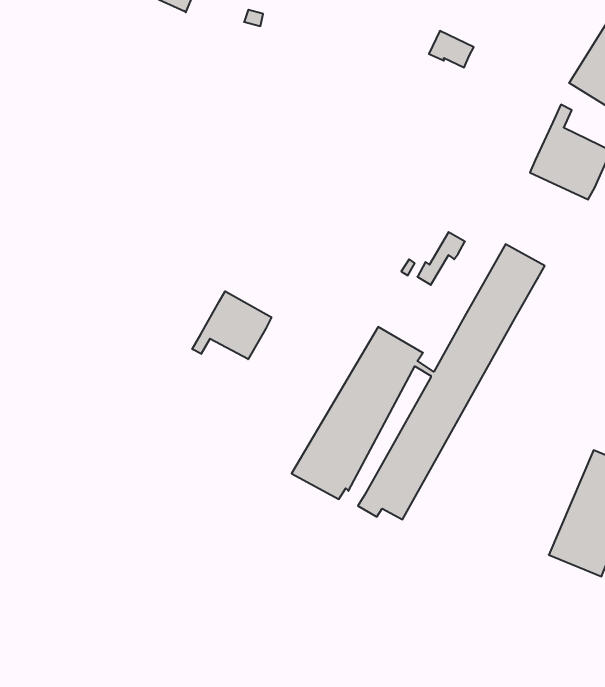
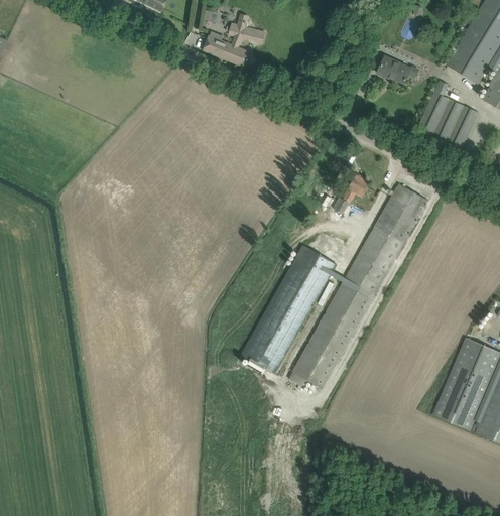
building: none -> [205,13,265,66]
building: [429,31,474,67] -> [378,55,411,83]
building: [192,291,271,359] -> none

